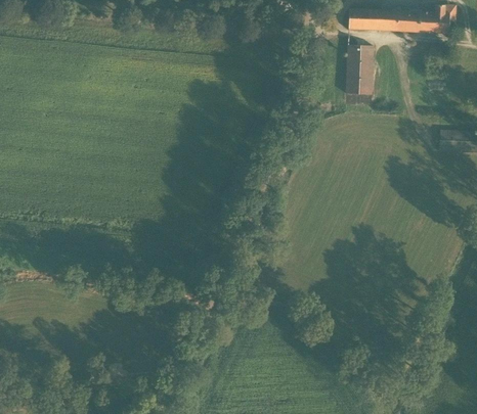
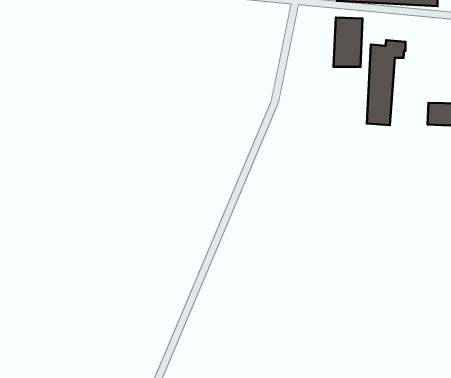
building: none -> [367,40,406,125]

